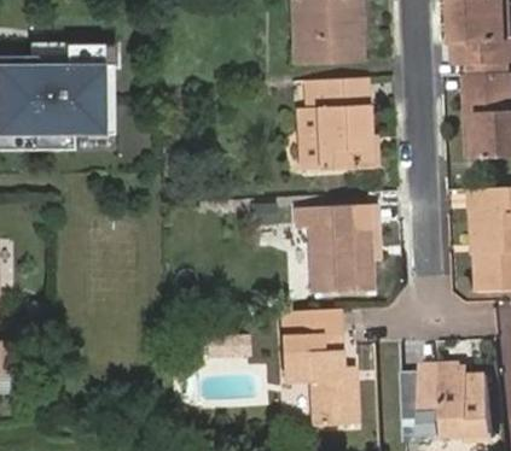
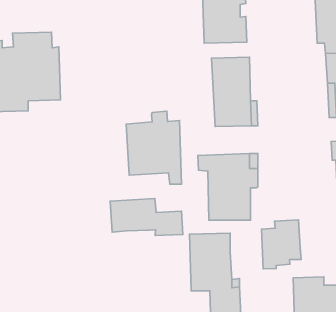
building: none -> [126,111,182,184]
building: none -> [110,199,183,235]
building: none -> [261,220,301,269]

